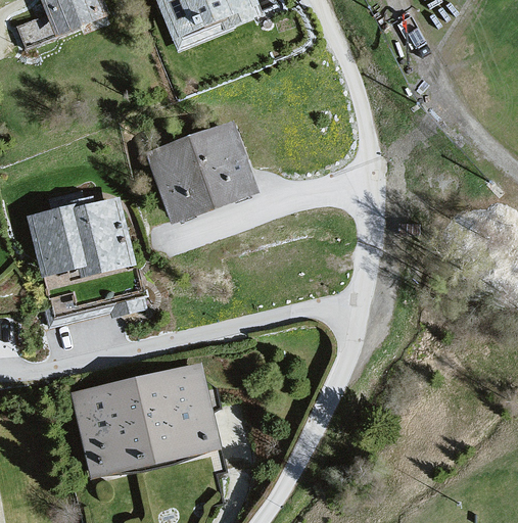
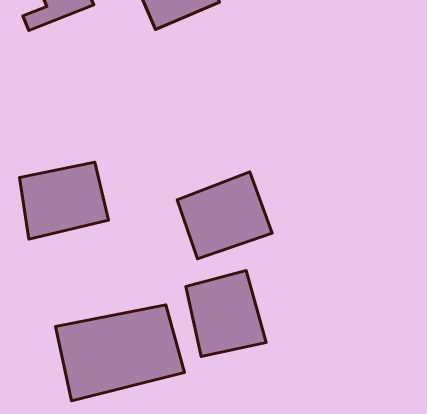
building: [143,116,256,221] -> [177,172,272,259]
building: none -> [186,270,266,356]

